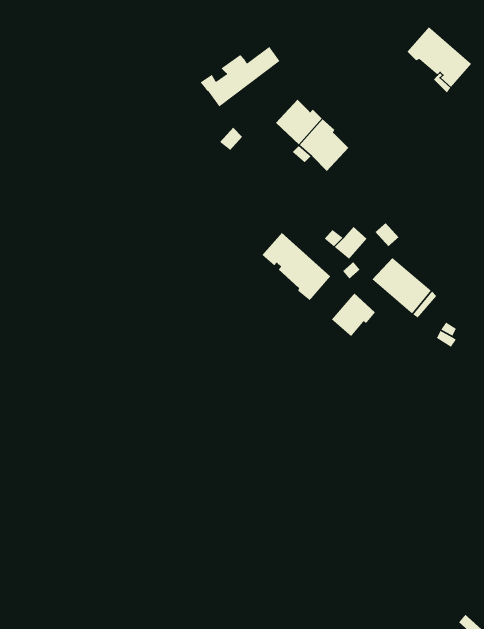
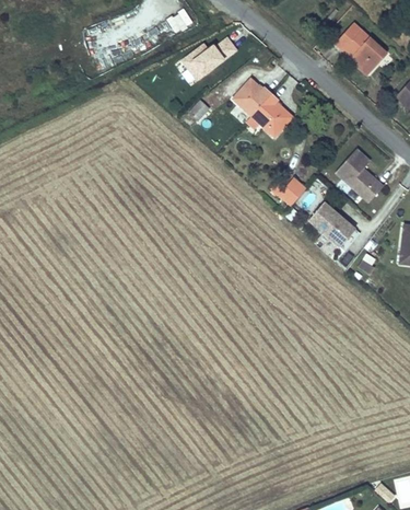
building: none -> [335,149,383,202]
building: [262,232,331,301] -> none
building: [331,292,376,337] -> none

